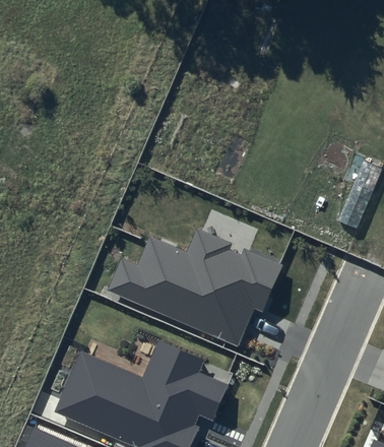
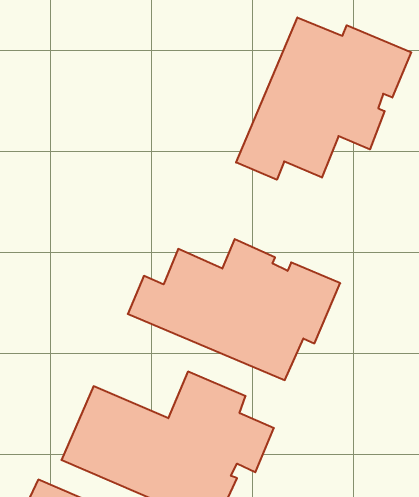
building: none -> [236,17,411,180]

